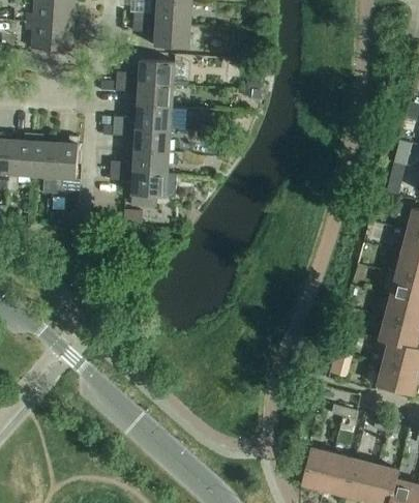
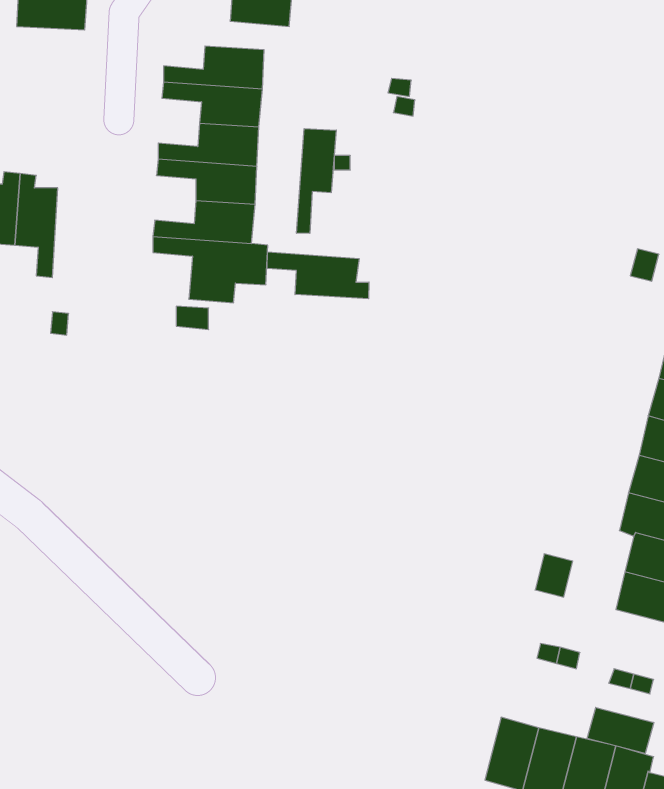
building: none -> [297,129,336,233]
building: [52,136,79,194] -> none
building: none -> [267,252,369,299]
building: none -> [587,707,654,753]

